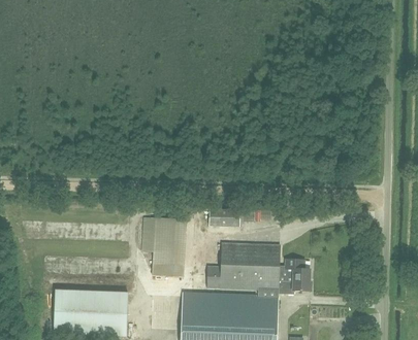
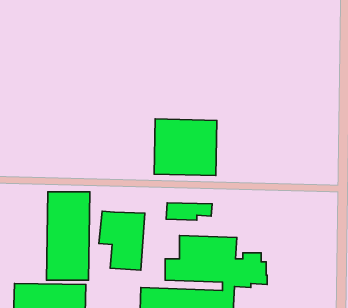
building: none -> [154,119,217,176]
building: none -> [47,192,90,280]

